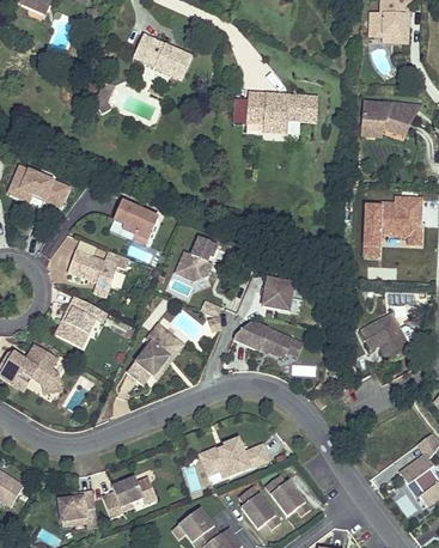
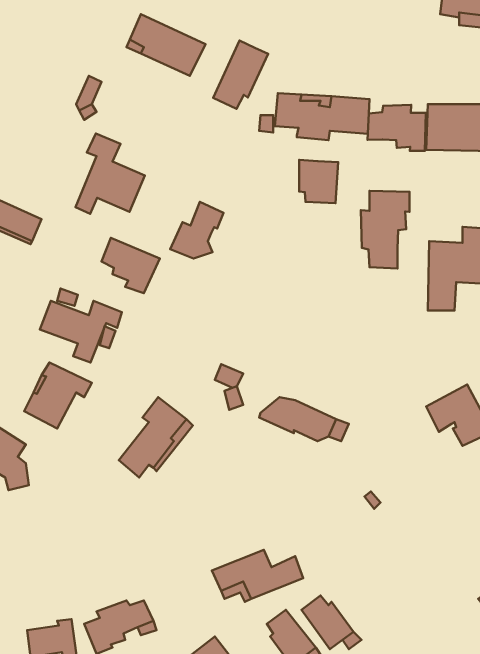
building: none -> [213,40,268,109]
building: none -> [368,105,426,151]
building: none -> [76,134,145,214]
building: none -> [299,160,338,203]
building: none -> [361,191,410,269]
building: [176,237,217,280] -> [170,202,224,259]
building: [261,279,294,311] -> none

